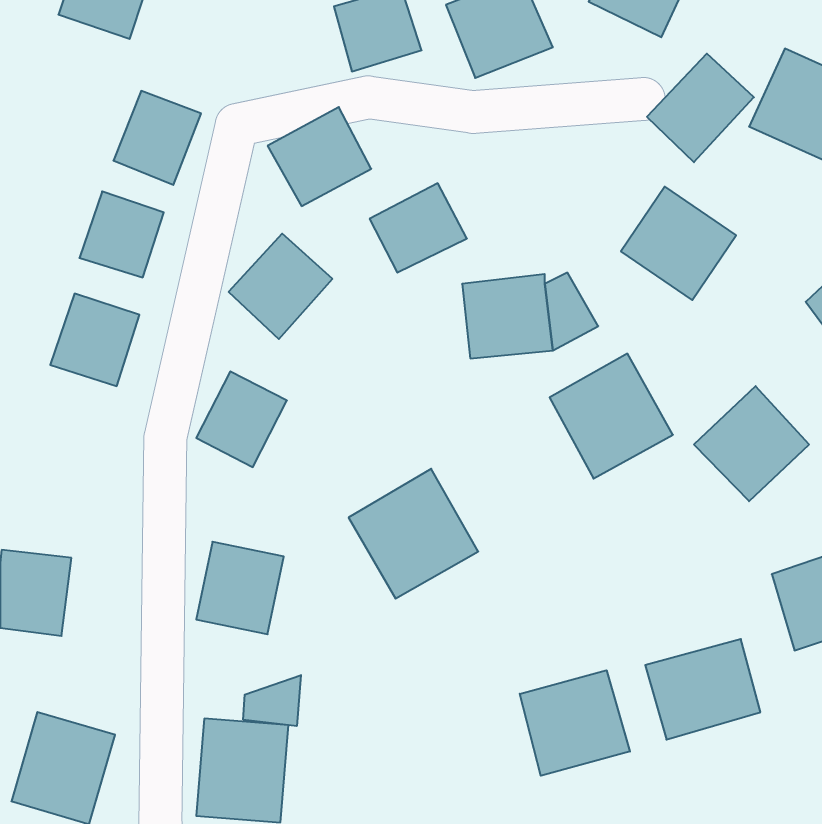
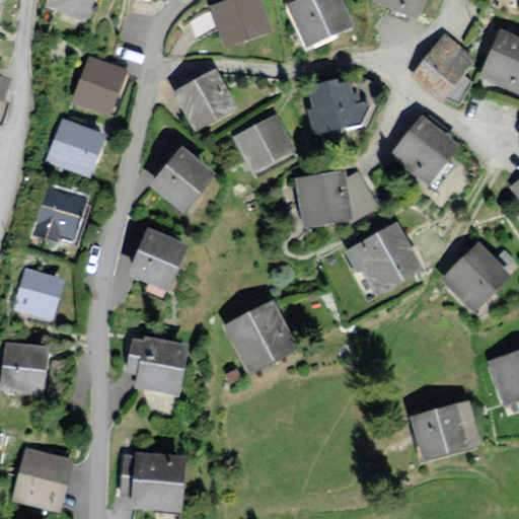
building: none -> [309,84,360,129]
building: none -> [15,263,70,322]
building: [520,670,630,776] -> none
building: [243,675,301,726] -> none

